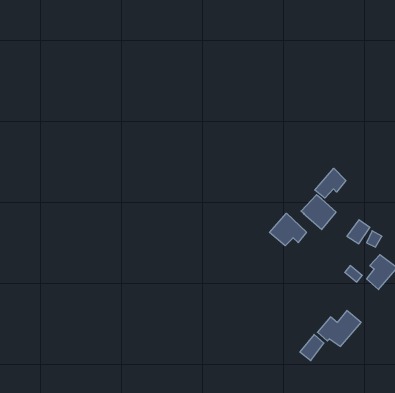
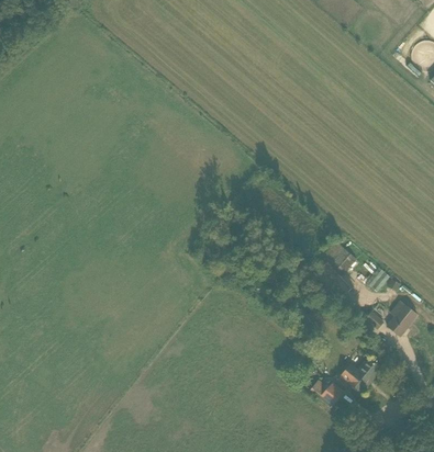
building: [315,168,346,198] -> none
building: [270,213,306,246] -> none

